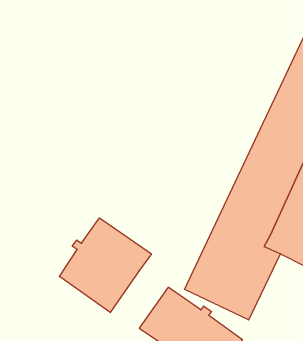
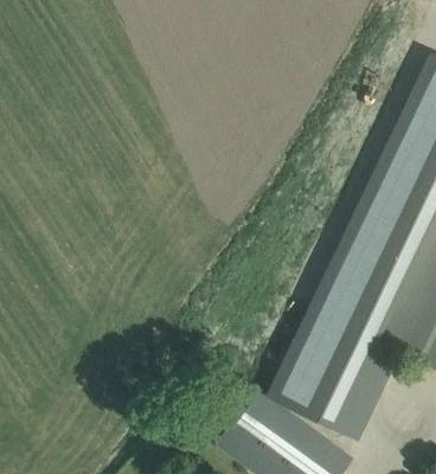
building: [59,218,151,313] -> none

